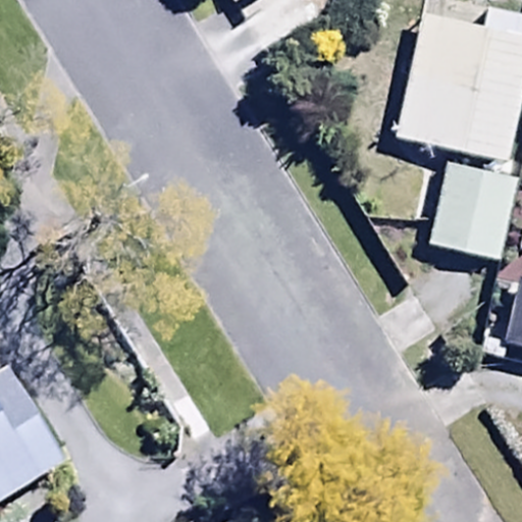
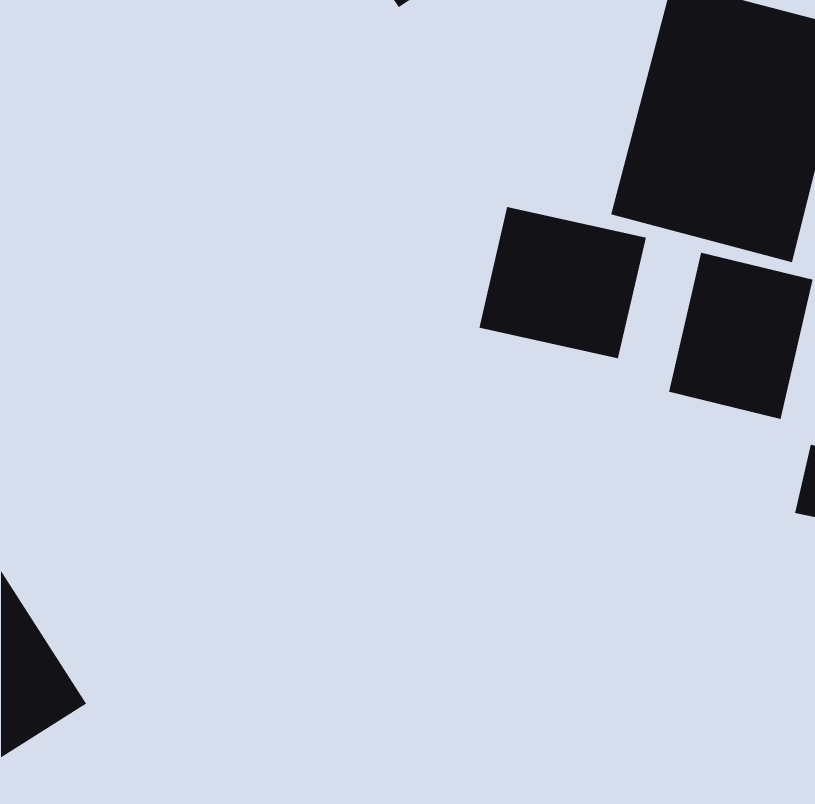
building: none -> [479,206,647,359]

